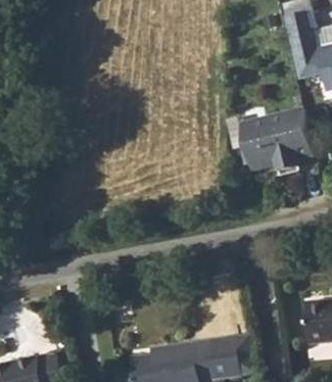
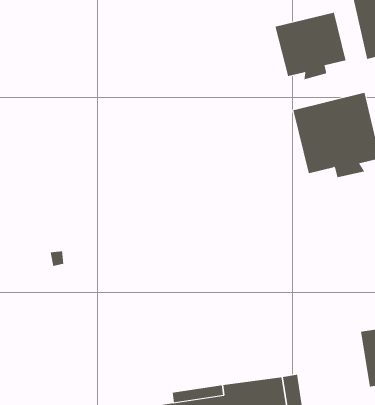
building: none -> [275,12,346,80]

